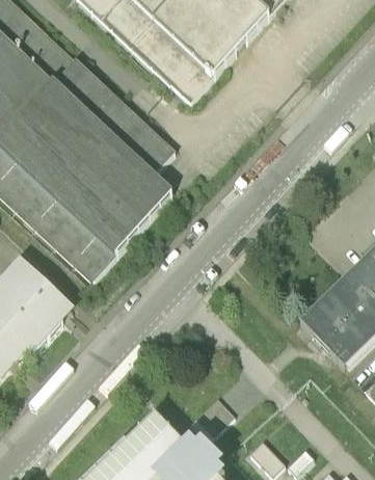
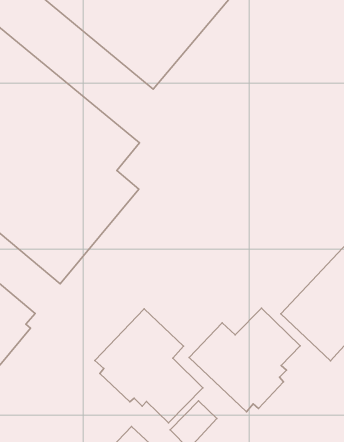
building: none -> [95,309,203,423]
building: none -> [189,308,300,412]

